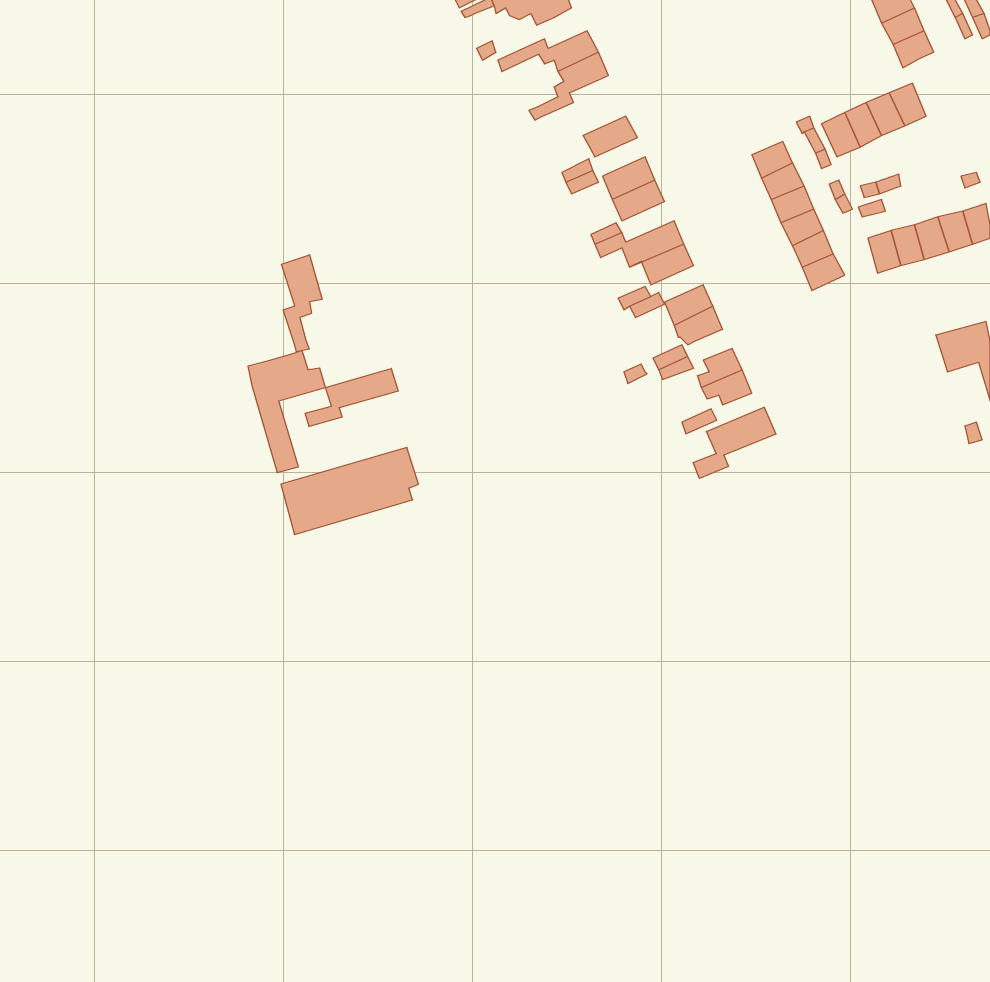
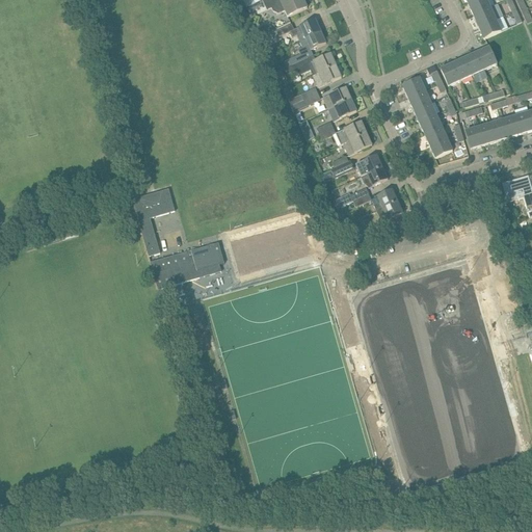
building: none -> [285,50,336,73]
building: [282,255,322,352] -> none
building: [305,368,398,427] -> none
building: [693,407,776,478] -> none

